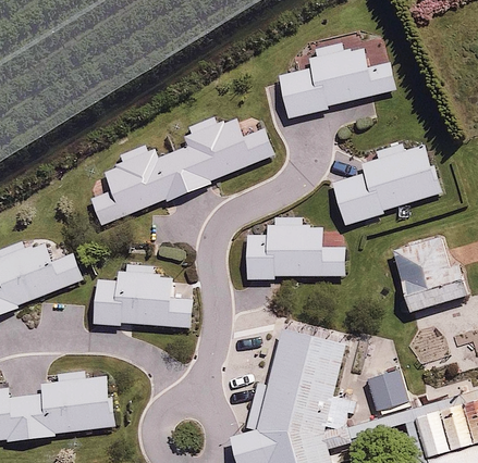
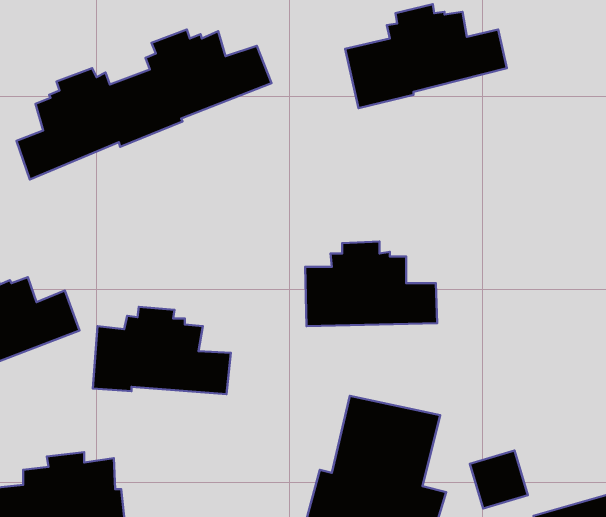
building: [89,116,277,226] -> [16,30,272,179]
building: [332,142,442,225] -> none
building: [390,239,463,314] -> none

